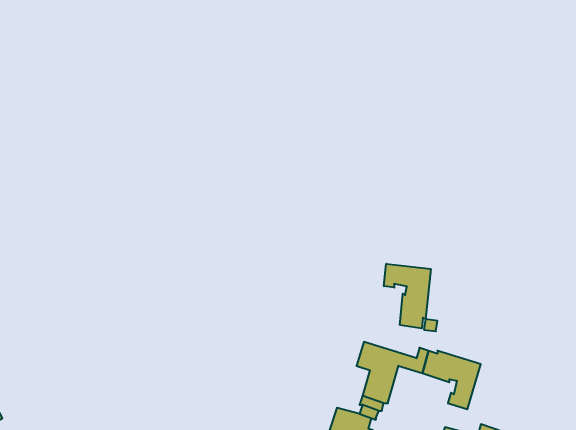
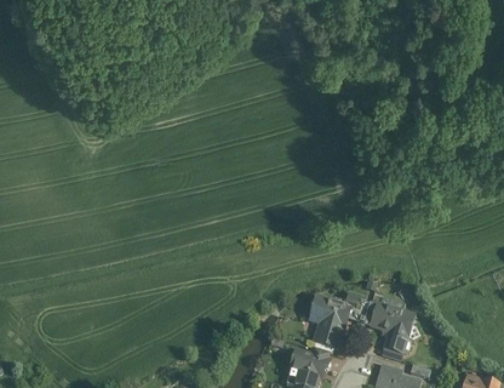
building: [384,264,431,328] -> none

